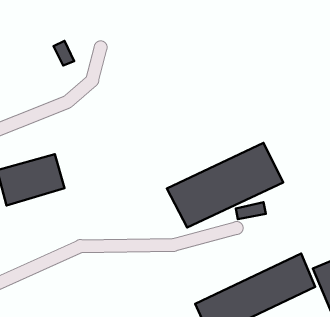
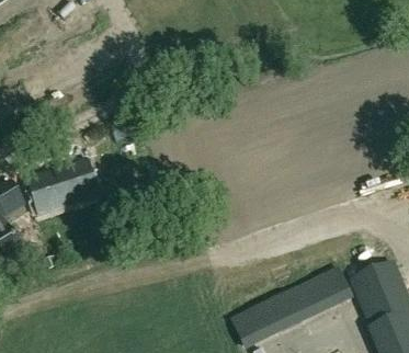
building: [167,143,283,227] -> none

